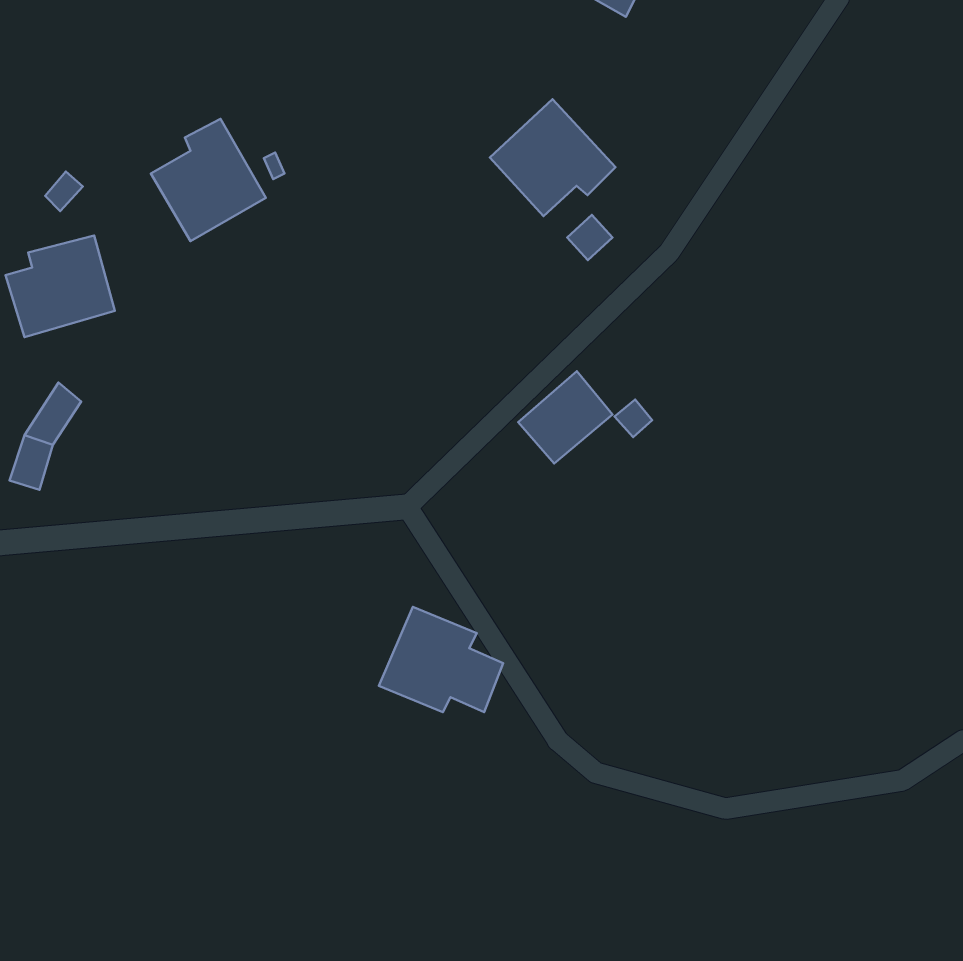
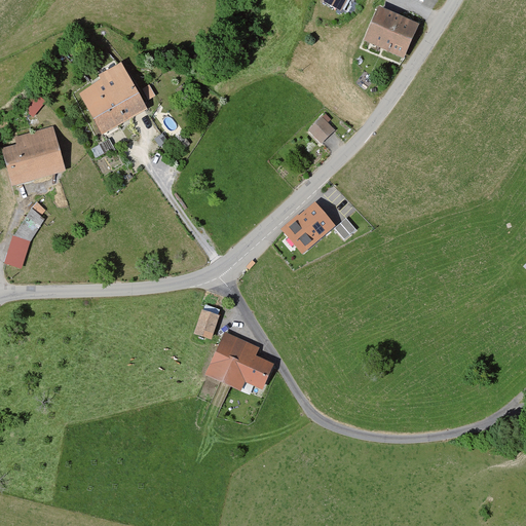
building: none -> [365,7,418,57]
building: [490,99,616,216] -> none
building: none -> [194,308,221,338]

